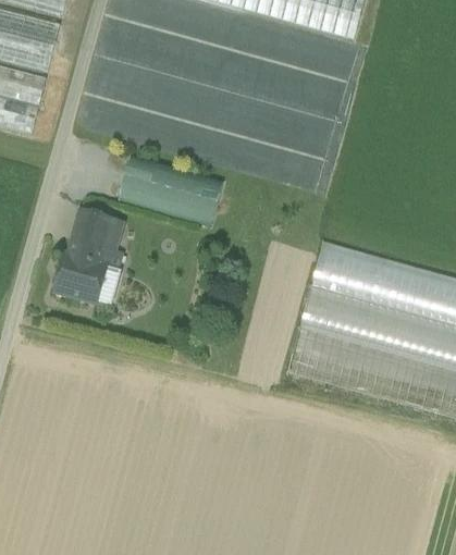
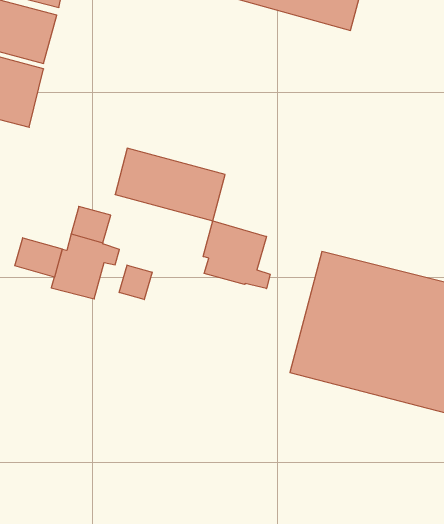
building: none -> [203,221,270,289]
building: none -> [15,238,62,277]
building: none -> [119,265,152,300]

